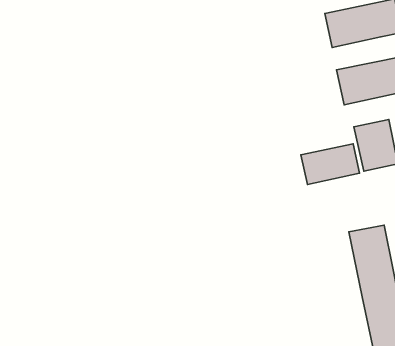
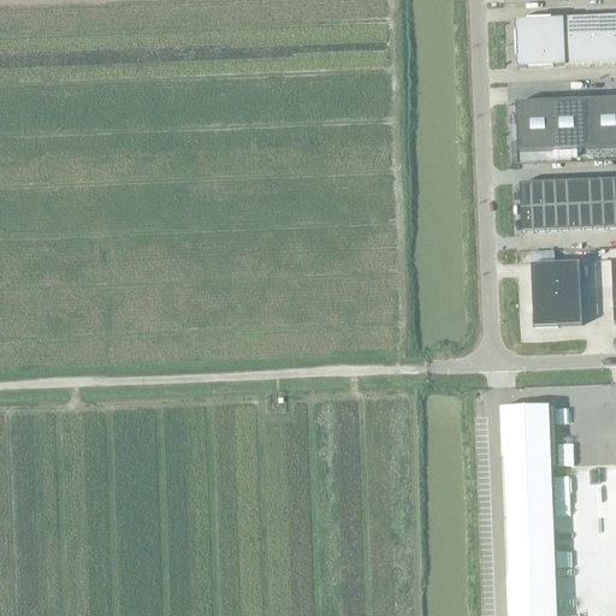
building: [301,144,359,185] -> none

